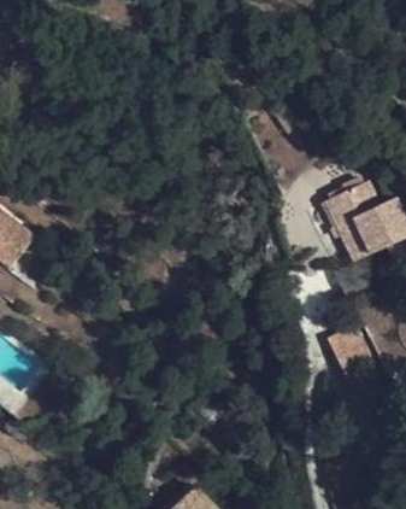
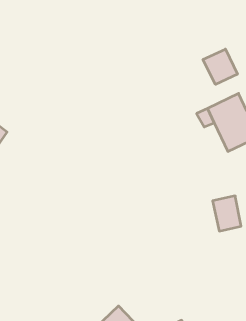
building: none -> [203,49,237,84]

